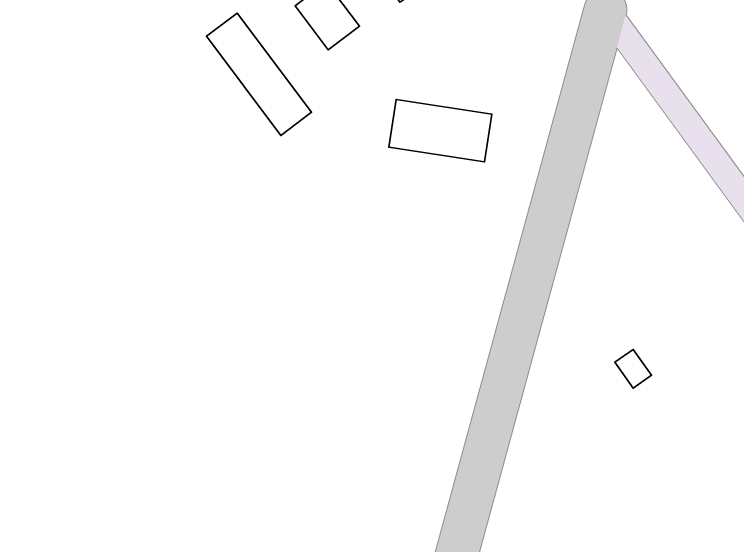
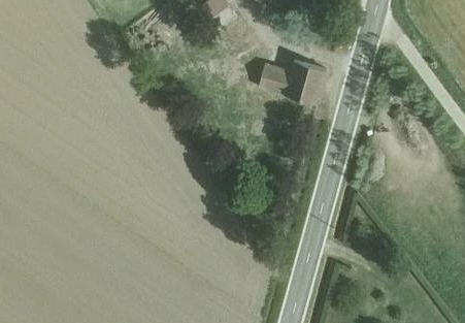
building: [206,13,312,135] -> none

